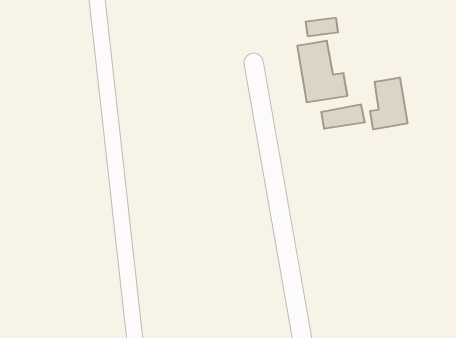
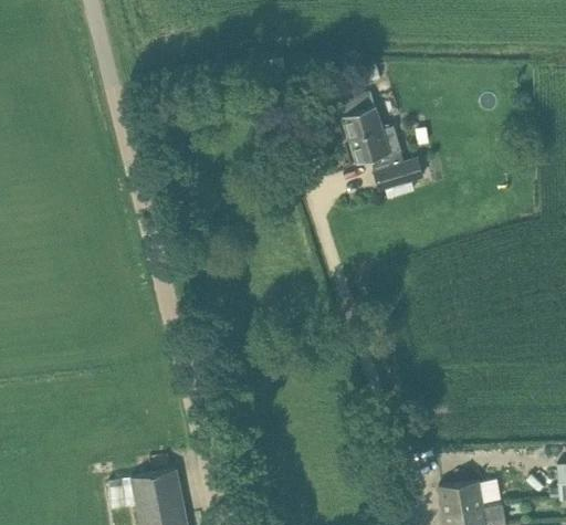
building: [370,77,407,129] -> none

